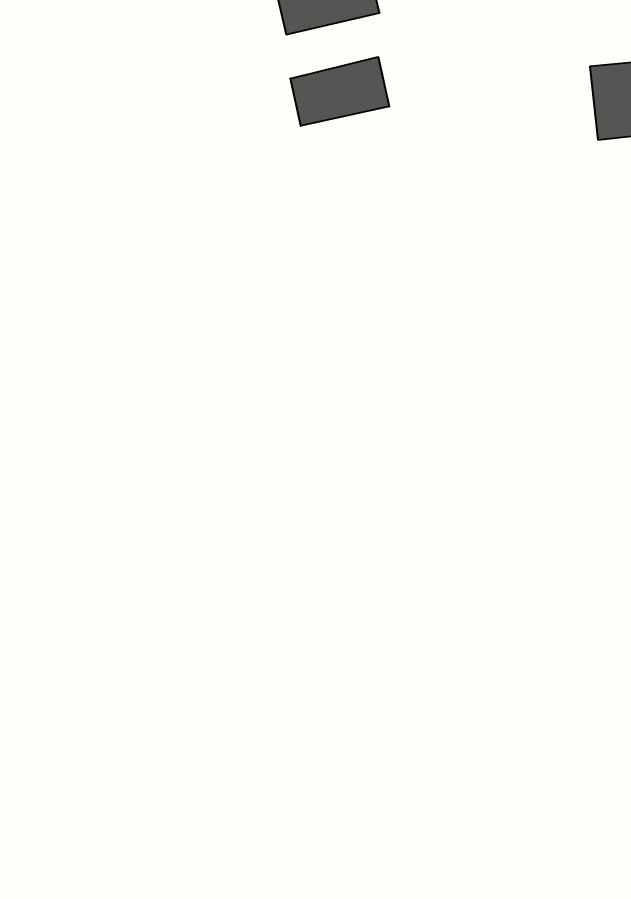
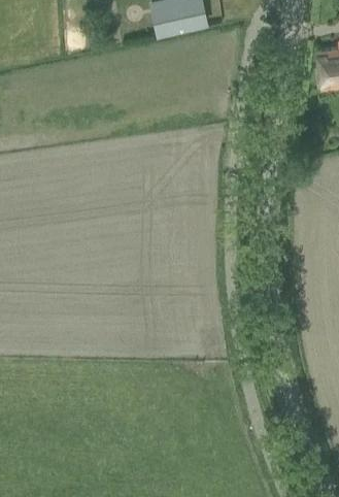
building: [290,57,389,126] -> none

